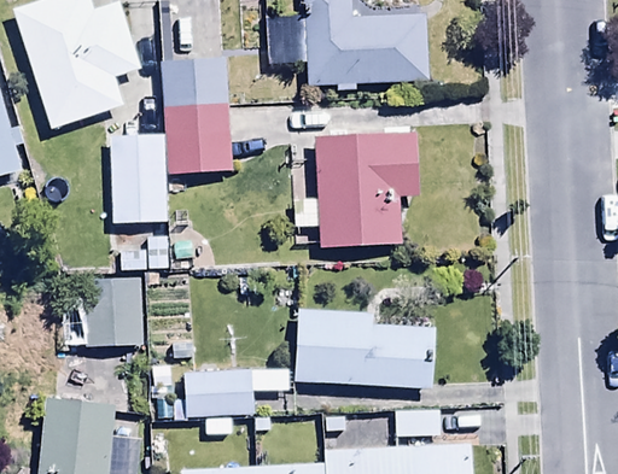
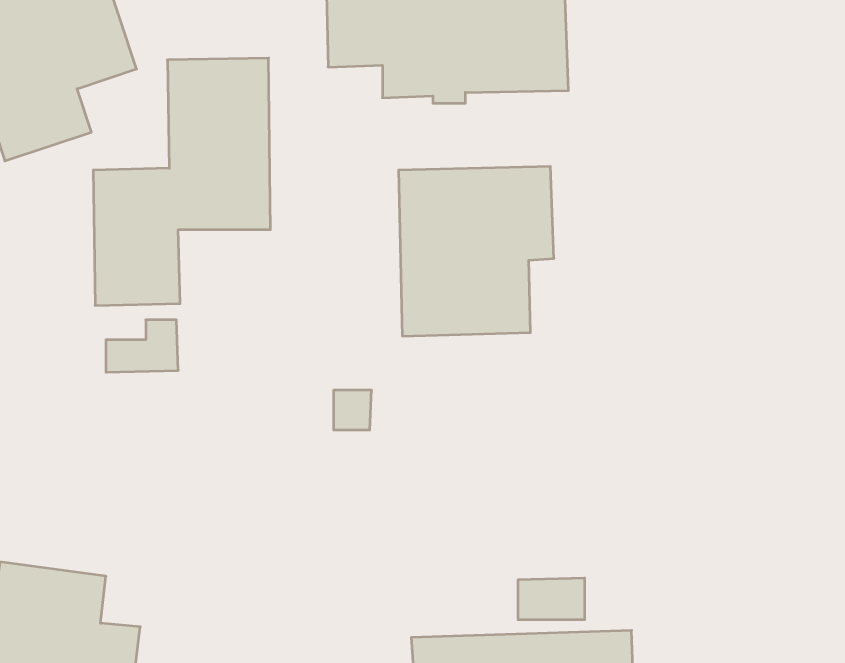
building: [64,279,145,345] -> none
building: [296,306,442,388] -> none
building: [182,368,291,416] -> none

